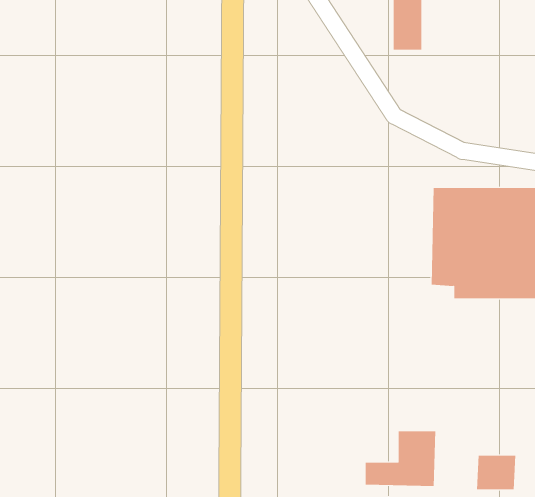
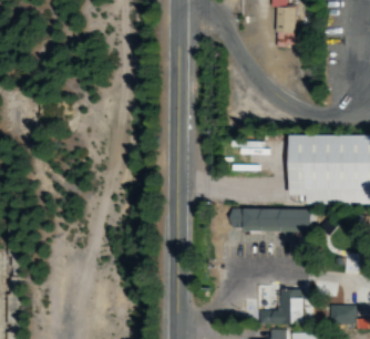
building: none -> [240,207,309,232]

